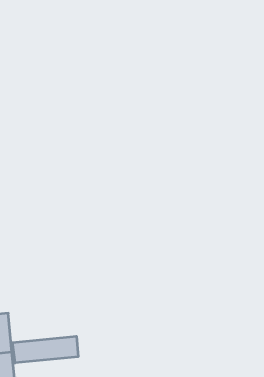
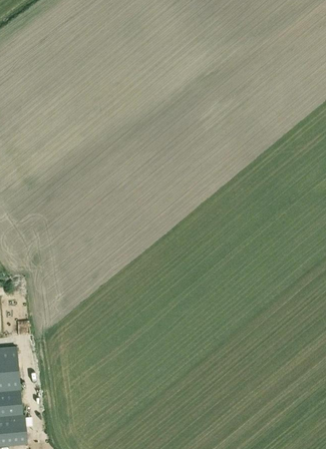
building: [12,336,78,363] -> none

